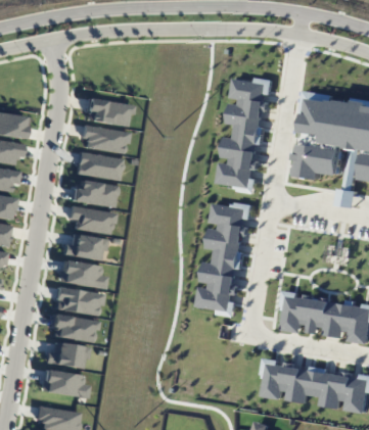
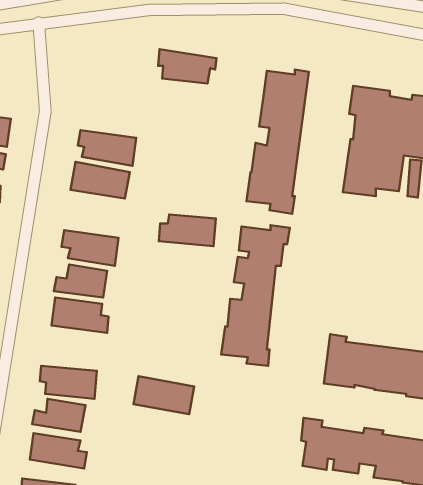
building: [87,98,134,126] -> [158,49,217,83]
building: [72,181,118,206] -> [159,215,216,246]
building: [54,286,103,317] -> [133,376,194,414]

